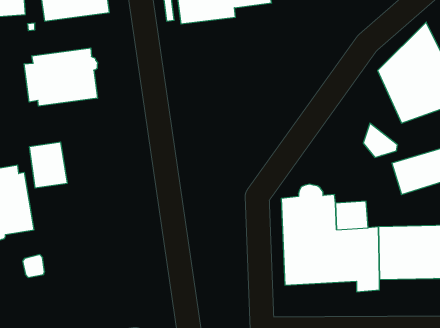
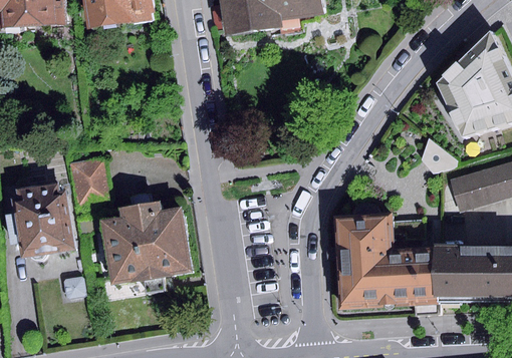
building: [24,48,97,106] -> none
building: none -> [101,201,192,294]

